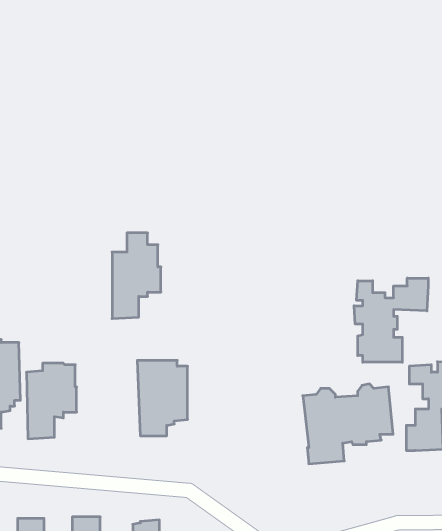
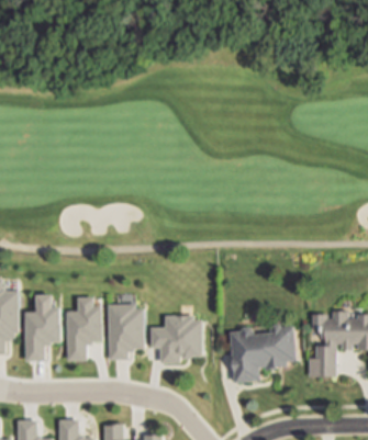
building: [112,233,161,319] -> [67,300,103,363]
building: [354,278,428,362] -> none
building: none -> [149,316,202,365]

